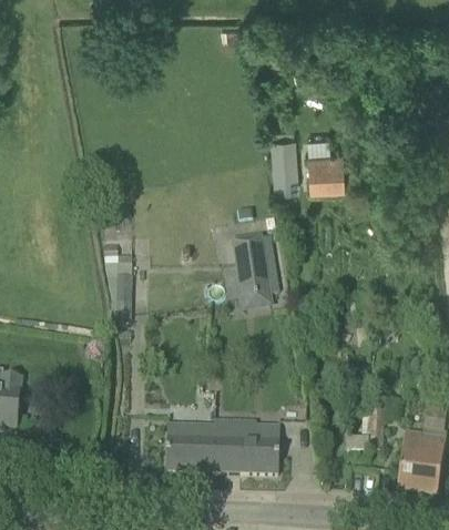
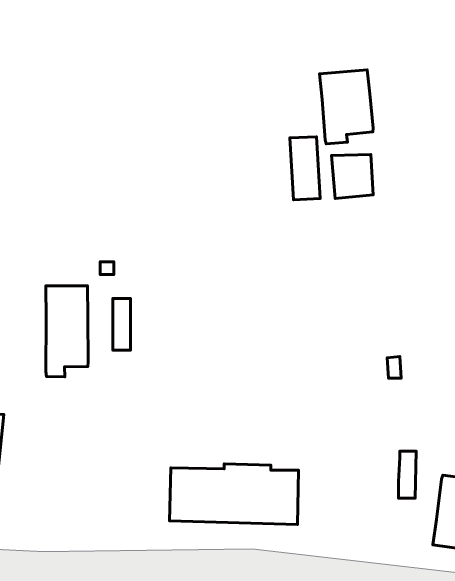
building: none -> [320,70,373,144]
building: [232,231,273,307] -> none
building: none -> [46,286,88,377]

